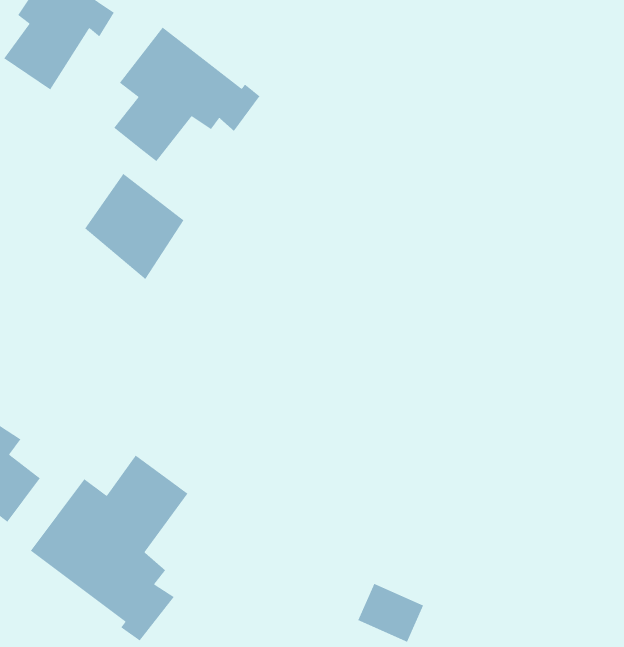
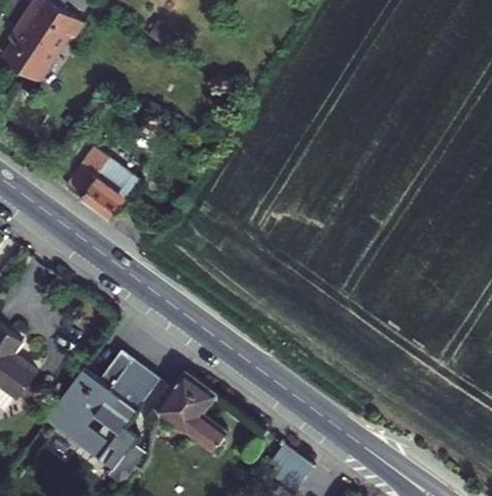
building: [113,27,261,162] -> none
building: none -> [144,368,214,448]

